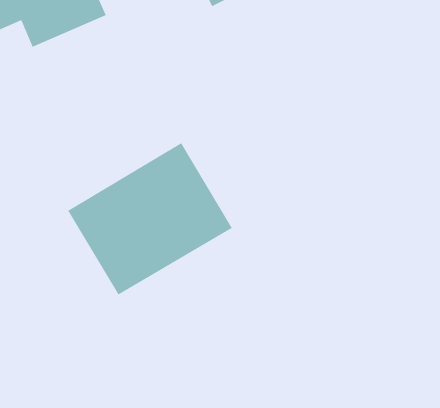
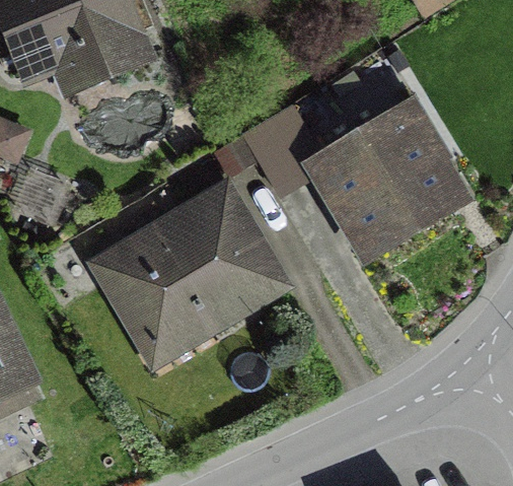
building: none -> [311,114,455,255]

